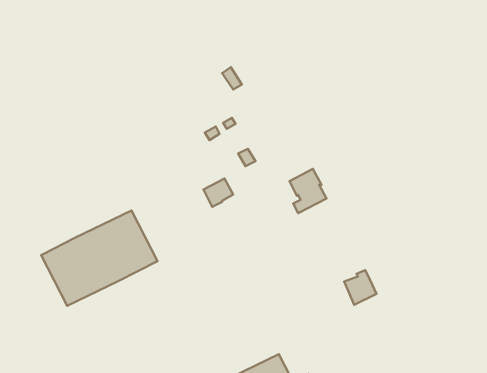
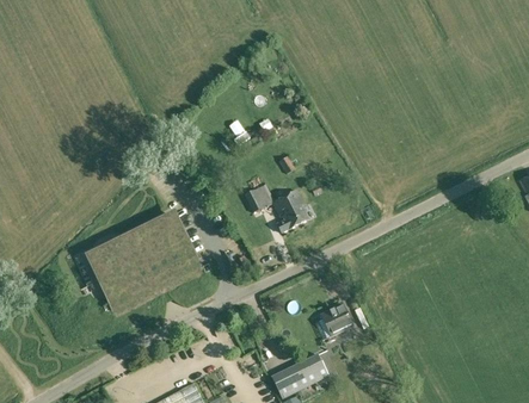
building: [289,169,327,213] -> [273,190,309,232]
building: [344,270,376,305] -> [321,303,352,336]

